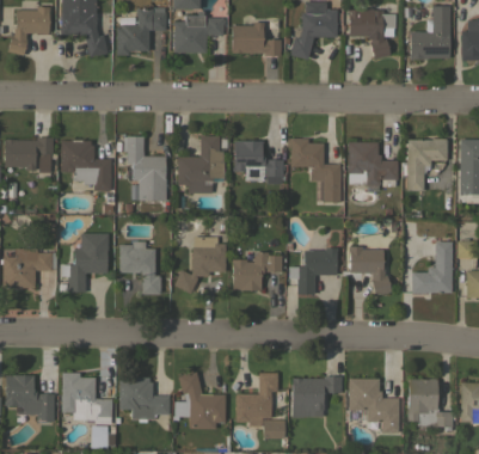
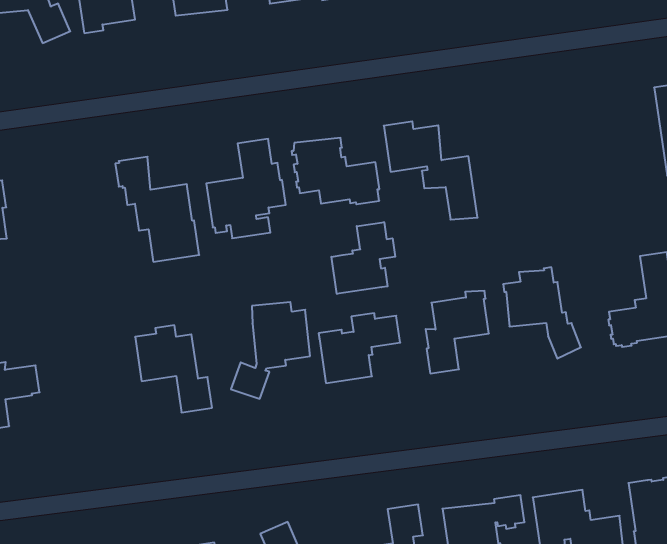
building: [403,139,448,191] -> none
building: [61,141,111,191] -> none
building: [348,142,398,186] -> none
building: none -> [331,222,395,294]
building: [61,234,109,293] -> none

